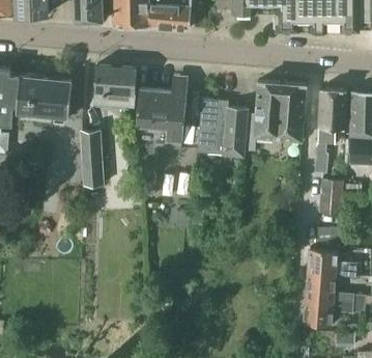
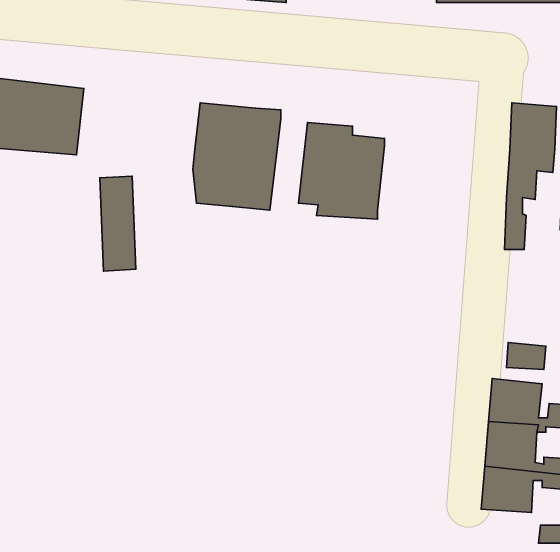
building: [94,65,137,108] -> none
building: [242,81,306,150] -> none
building: [319,178,342,214] -> none

